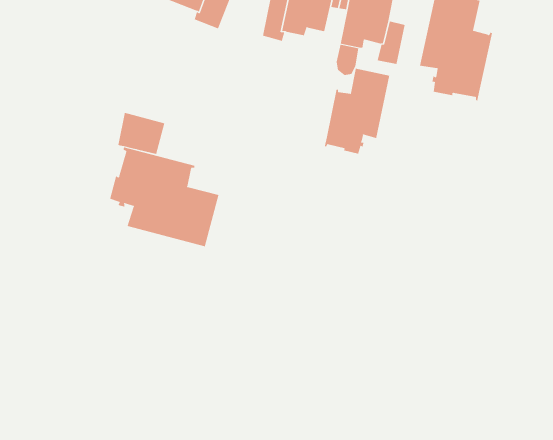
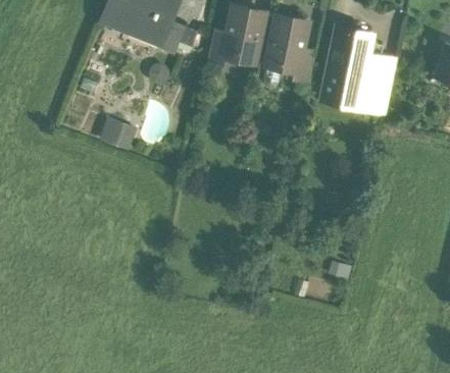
building: none -> [369,57,395,102]
building: [324,68,390,155] -> none
building: [109,147,219,247] -> none

